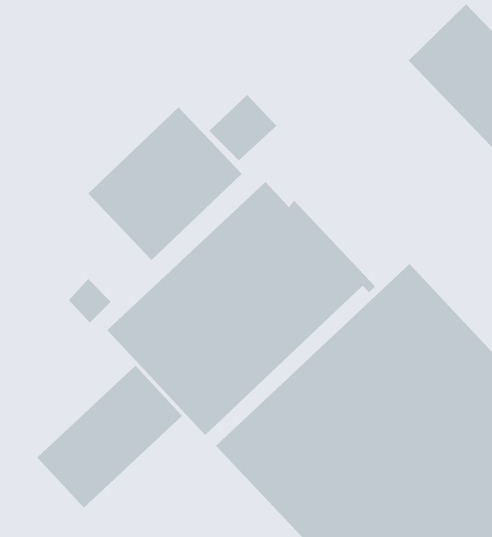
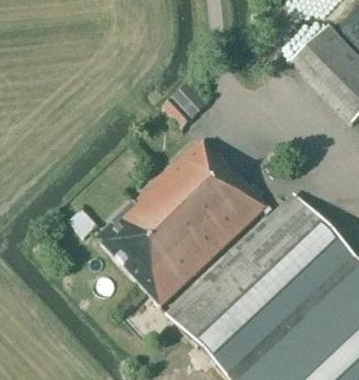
building: [88,106,243,261] -> none
building: [37,365,183,509] -> none

